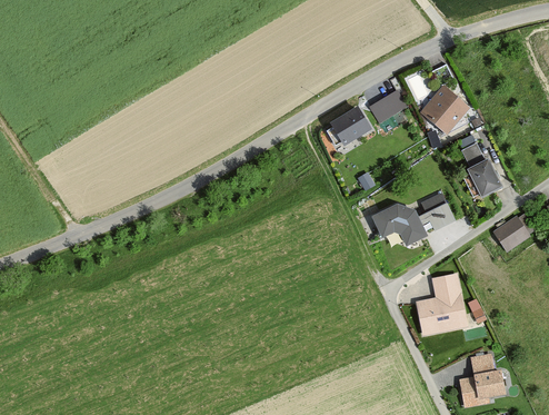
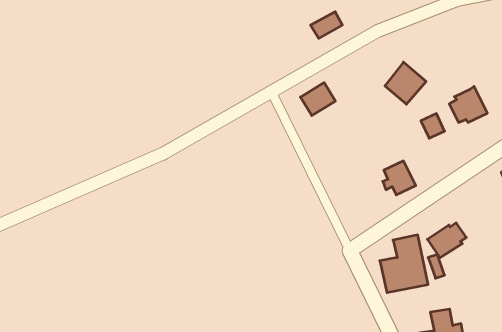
building: [369,91,403,120] -> [311,12,342,38]
building: [463,157,505,196] -> [449,86,487,122]
building: [372,202,428,245] -> none
building: [492,213,535,250] -> [427,223,466,258]

